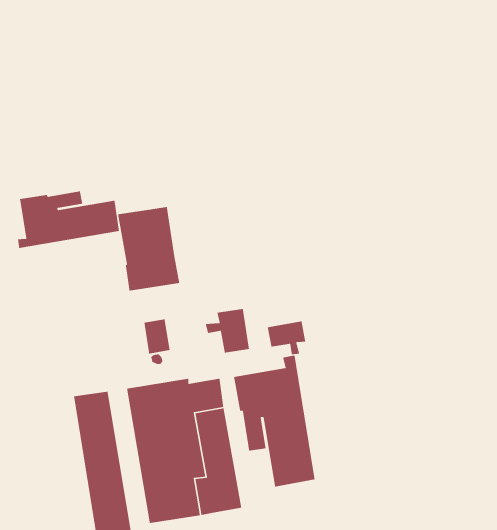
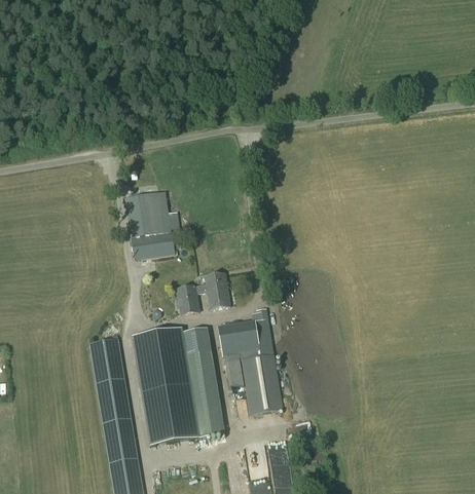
building: [17,191,120,249] -> none
building: [143,318,170,354] -> [177,283,198,312]
building: [267,320,306,355] -> none

